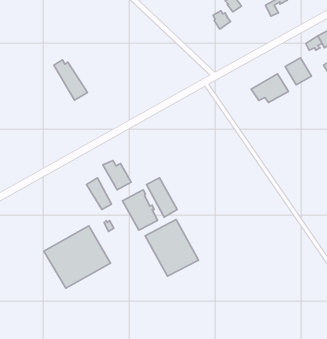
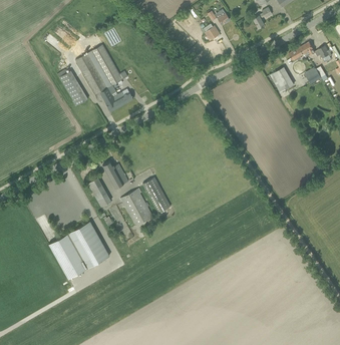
building: none -> [75,44,132,112]
building: [251,74,288,103] -> none
building: [145,220,198,276] -> none

